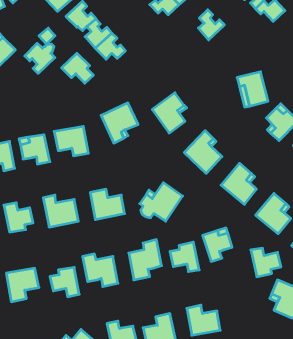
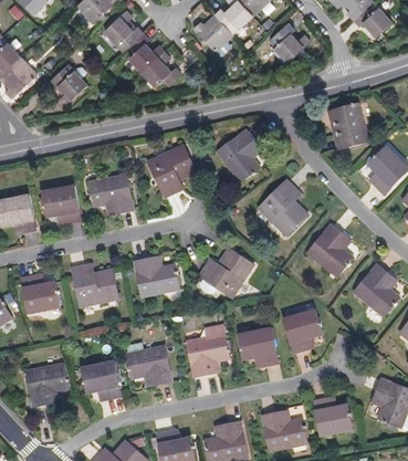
building: none -> [192,14,231,50]
building: [62,53,93,83] -> none
building: [251,248,281,277] -> [313,398,353,436]

